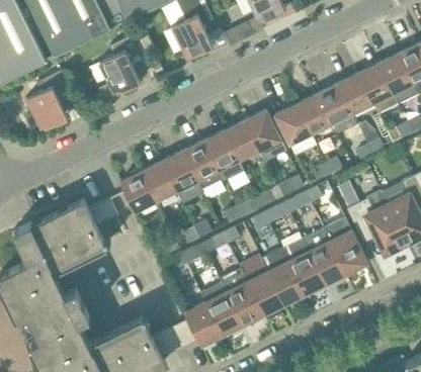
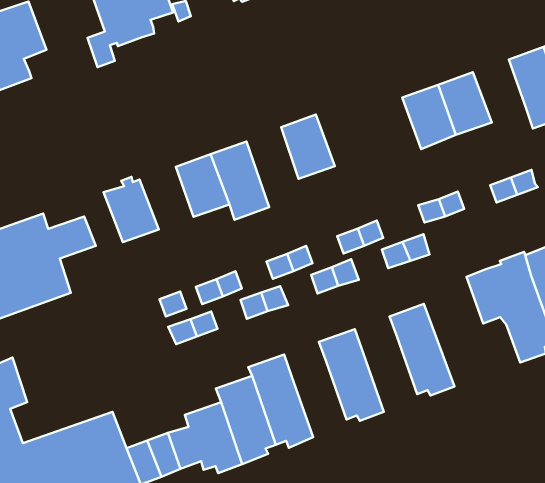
building: [337,74,372,113] -> none
building: [274,104,311,145] -> none
building: [245,110,285,162] -> none
building: [203,130,244,182] -> none
building: [141,162,176,201] -> none
building: [323,217,366,277] -> none
building: [282,239,325,297] -> none
building: [247,271,283,317] -> none

